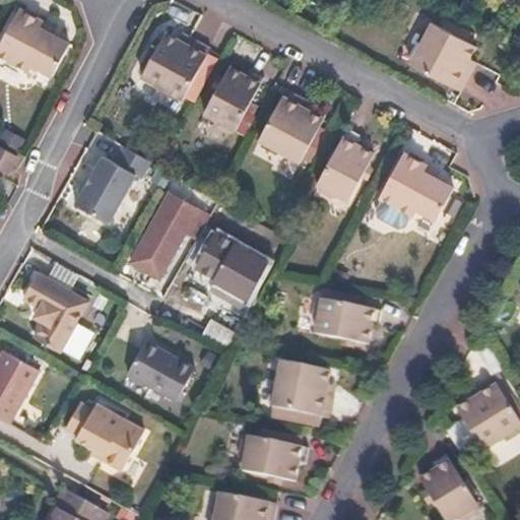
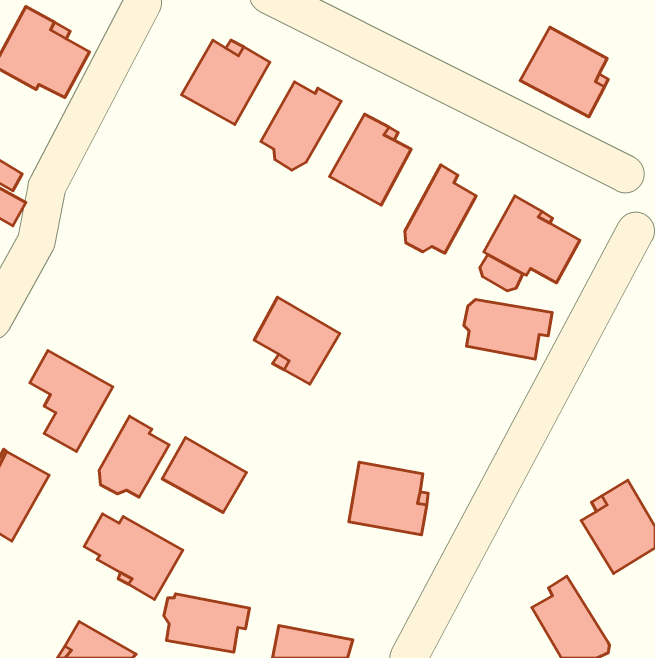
building: [77,146,151,223] -> none
building: [129,191,209,276] -> none
building: [312,298,381,344] -> [464,300,552,359]
building: none -> [99,416,169,497]
building: [240,435,307,480] -> [164,594,250,652]

